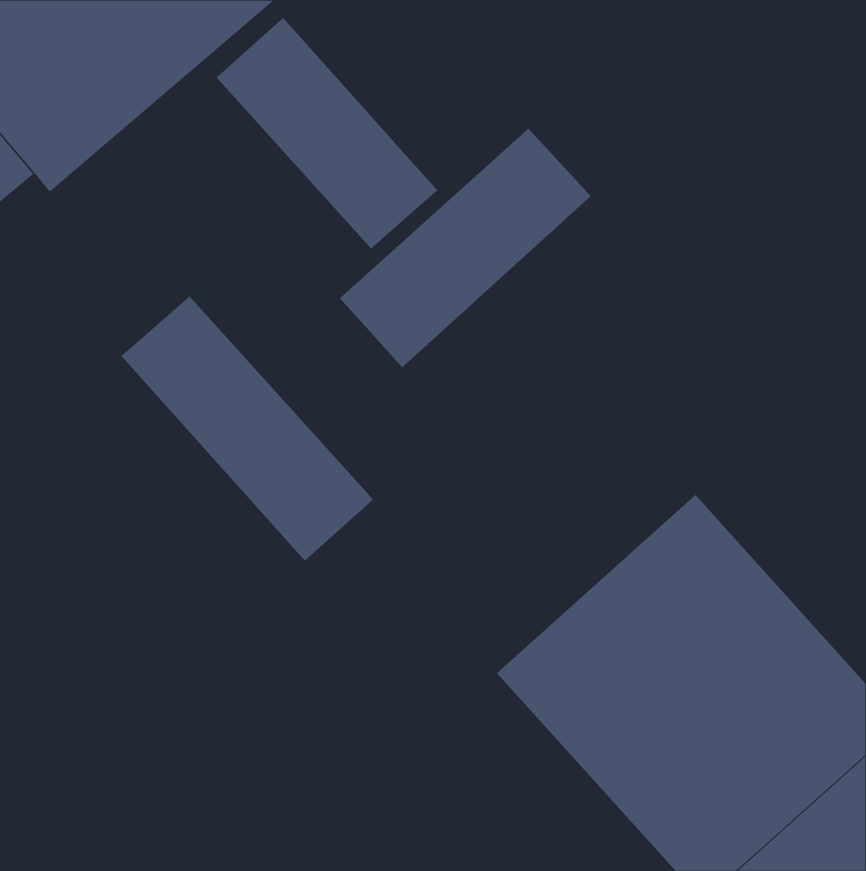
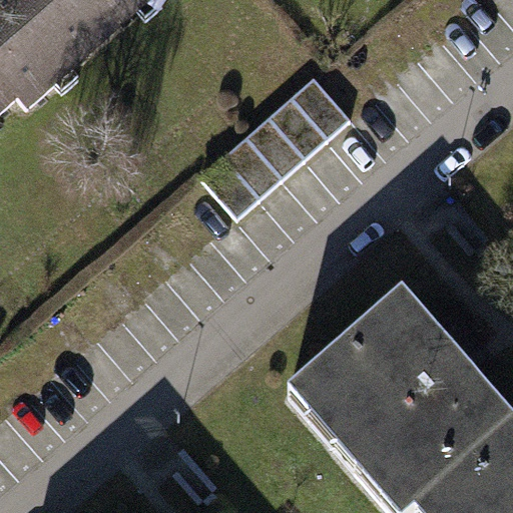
building: [216,17,438,249] -> none
building: [121,295,374,562] -> none

